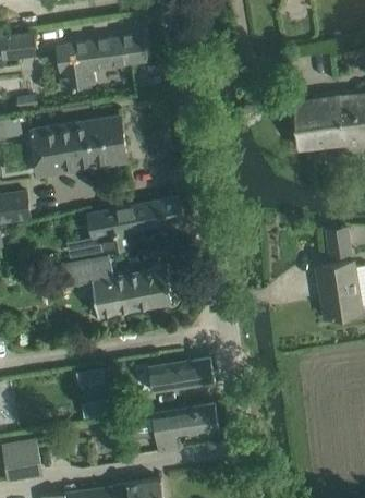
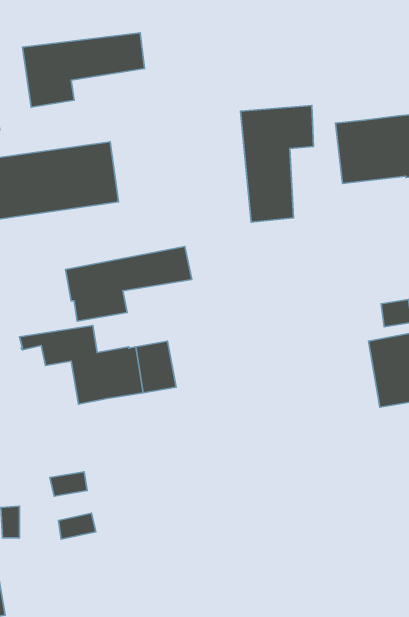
building: none -> [240,105,313,222]
building: [148,361,215,396] -> none
building: [131,405,218,453] -> none

